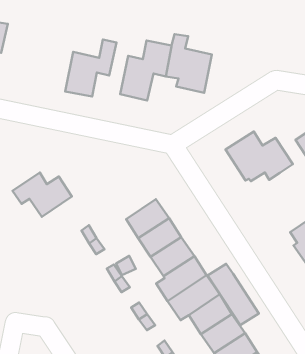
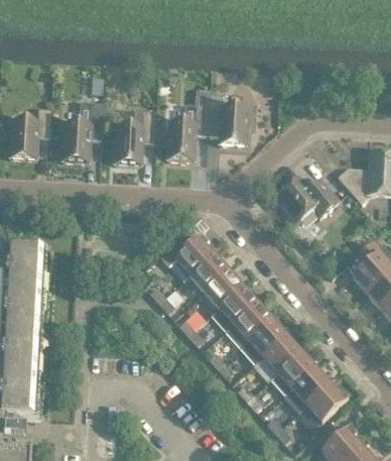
building: none -> [62,102,104,162]
building: [13,173,72,217] -> [159,235,216,276]
building: [208,264,259,325] -> none

